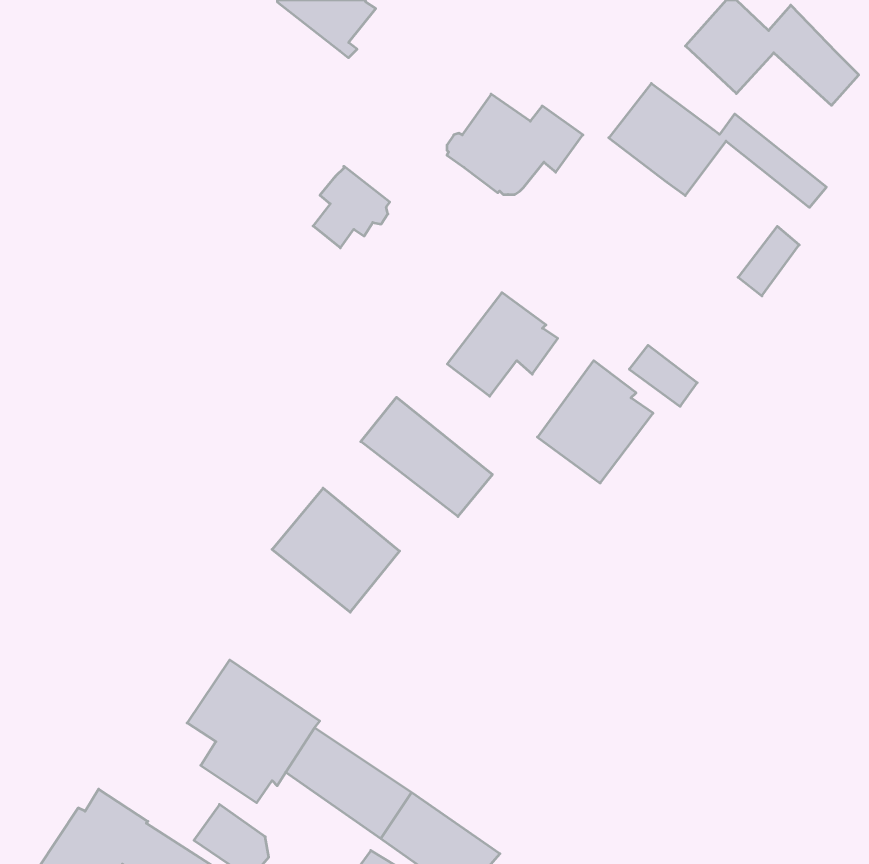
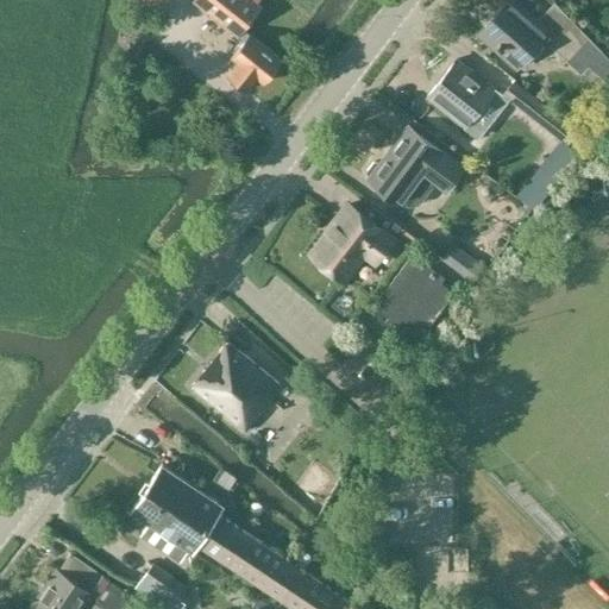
building: [447,94,583,194] -> [368,139,463,209]
building: [313,166,390,248] -> [228,37,282,94]
building: [361,397,492,517] -> none

